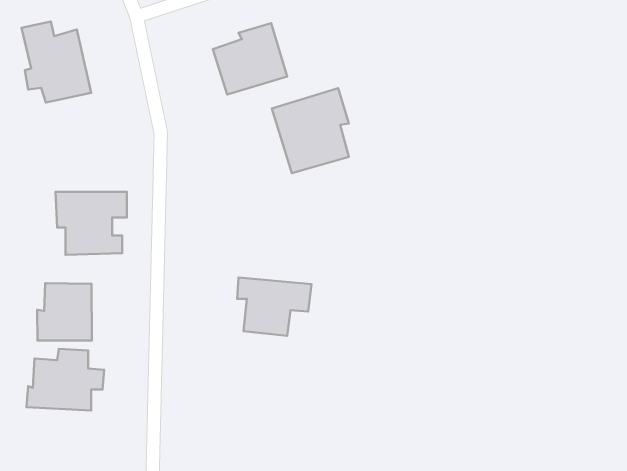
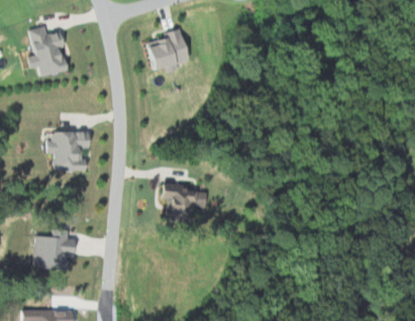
building: [272,88,349,173] -> none
building: [37,283,92,340] -> none

